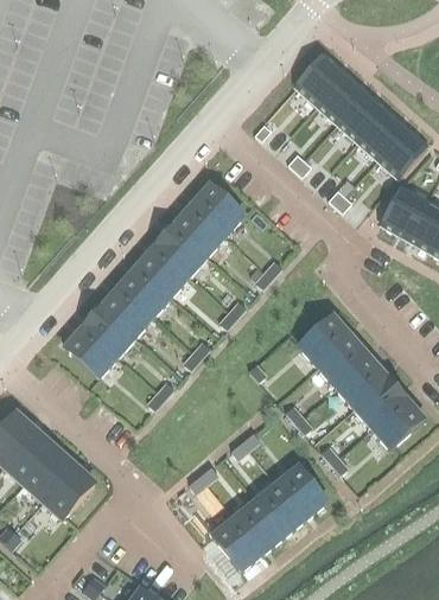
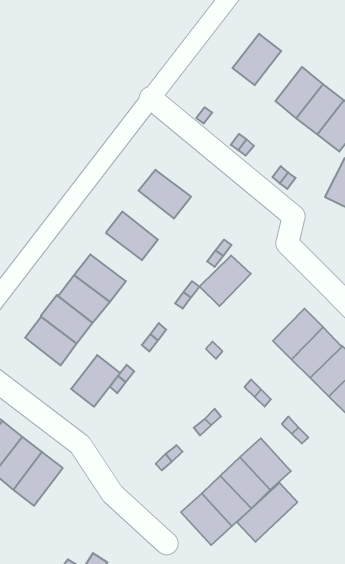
building: [316,71,365,122] -> none
building: [172,204,224,255] -> none
building: [136,245,189,295] -> none
building: [298,315,351,366] -> [199,255,251,306]
building: none -> [71,355,120,407]
building: none -> [238,483,297,542]

